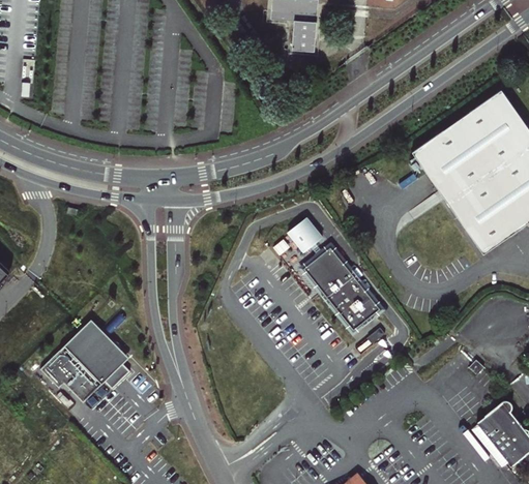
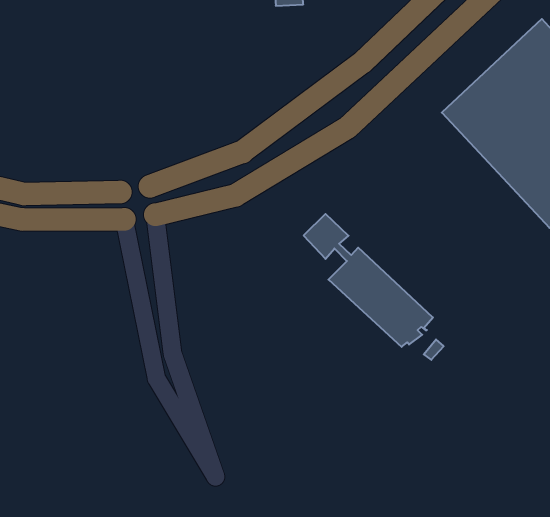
building: [43,313,131,402] -> none

